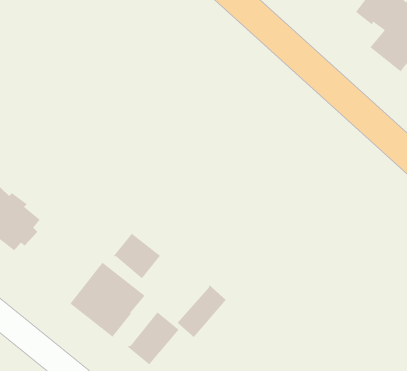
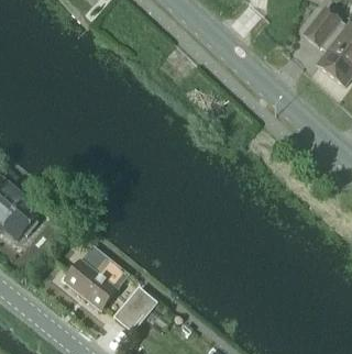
building: [113,233,161,279] -> none
building: [177,285,226,338] -> none

